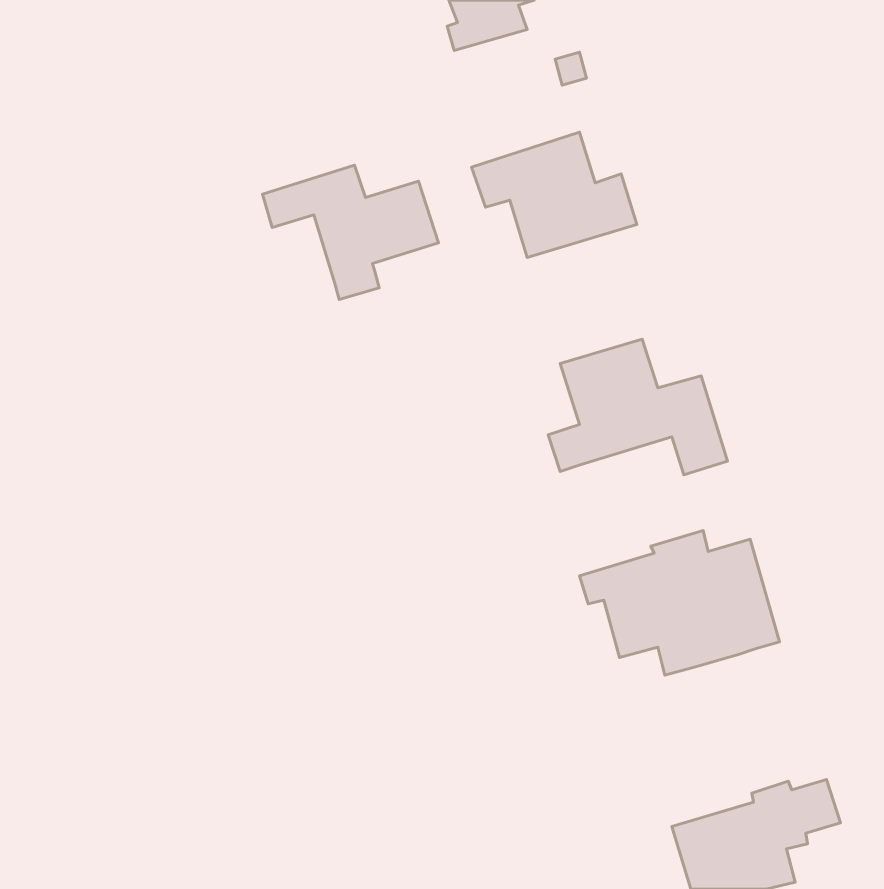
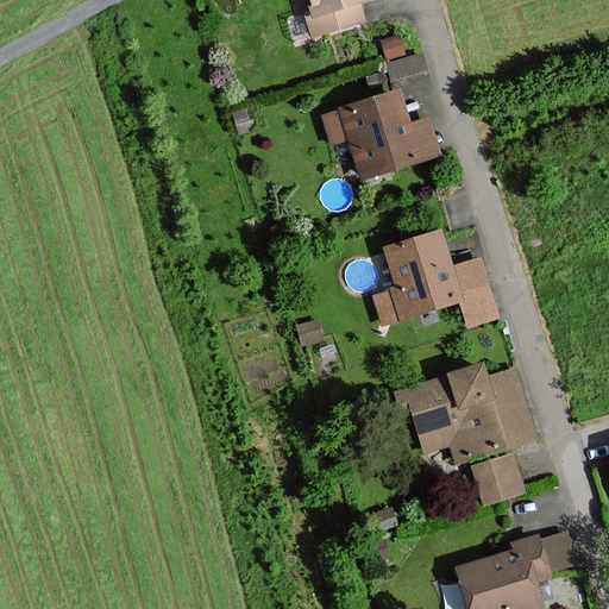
building: [262,165,438,300] -> none
building: none -> [470,454,520,502]

